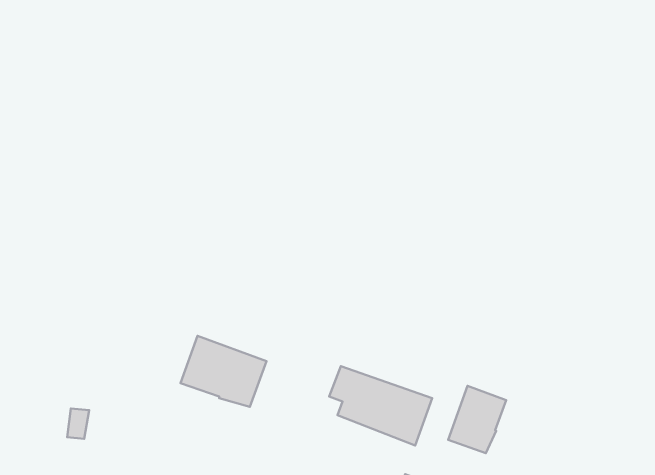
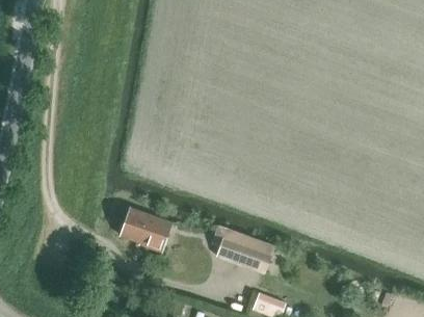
building: [448,386,506,453] -> none

